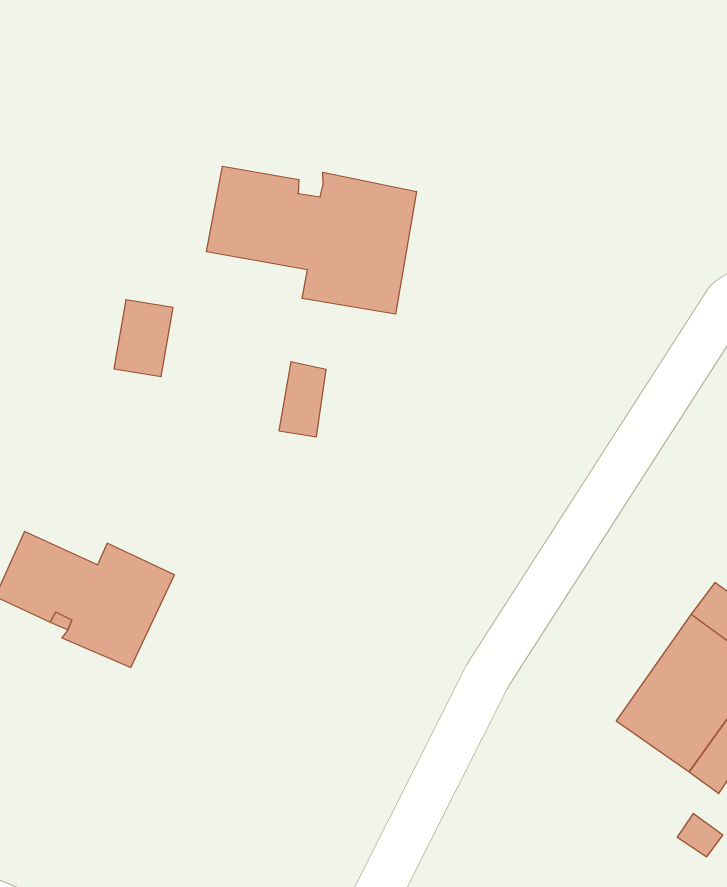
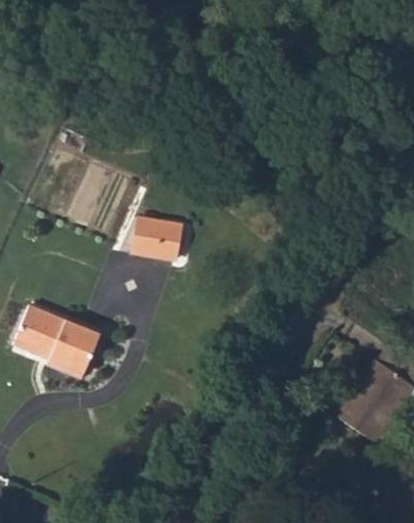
building: [207,166,417,314] -> none
building: [114,300,173,377] -> [131,218,162,257]

